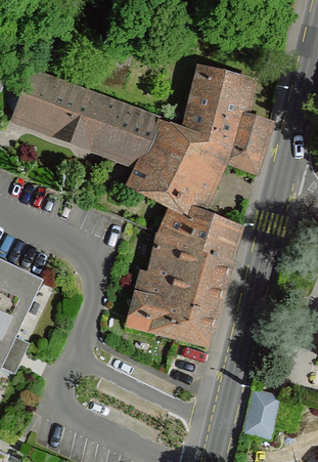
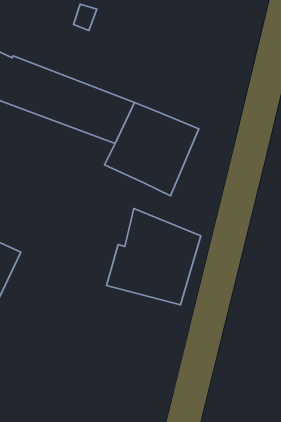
building: [182,74,268,161] -> none
building: [158,206,236,261] -> none
building: [242,388,280,438] -> none

